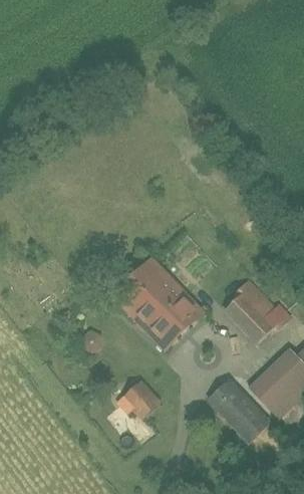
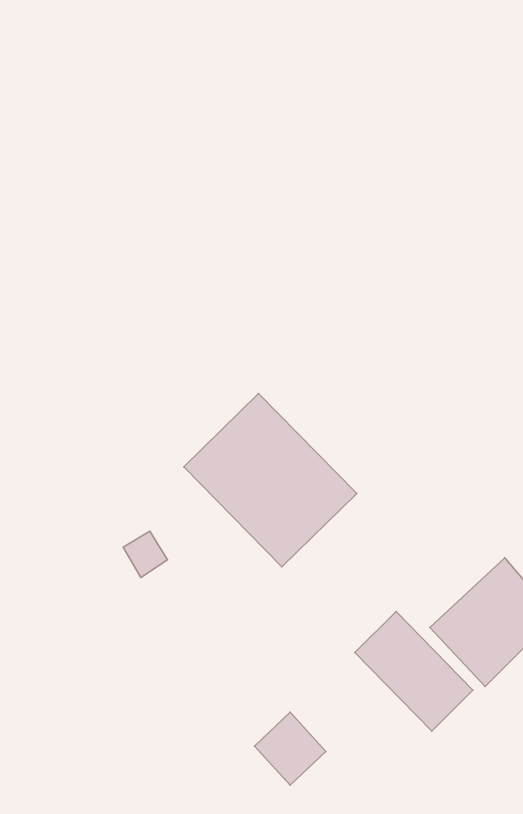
building: [225,278,292,344] -> none
building: [121,380,162,421] -> [254,712,326,785]

